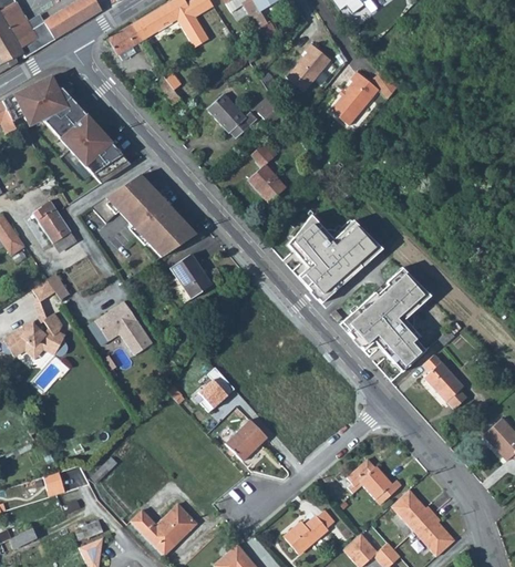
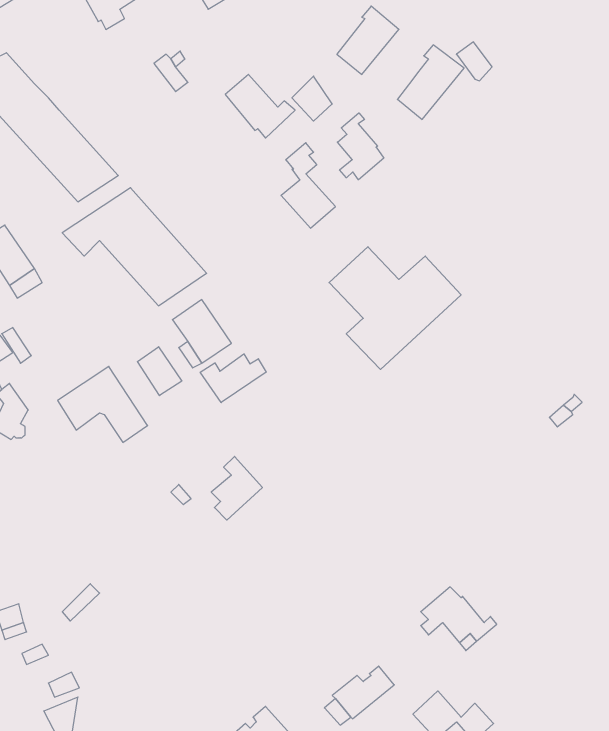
building: none -> [337,113,384,180]
building: [338,268,426,372] -> none
building: none -> [137,347,182,396]
building: none -> [200,354,266,403]
building: [423,353,466,408] -> none
building: [226,417,268,460] -> none
building: [391,488,454,555] -> none
building: [131,503,197,554] -> none

